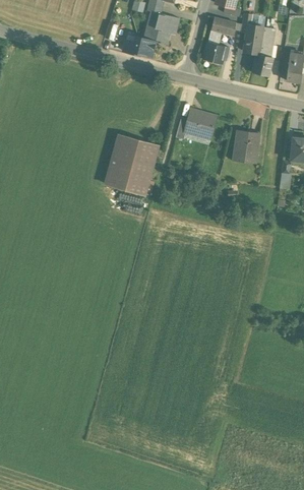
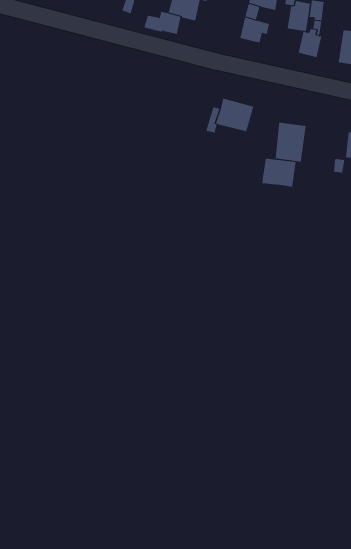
building: [105,134,158,194] -> none
building: none -> [262,158,296,188]

